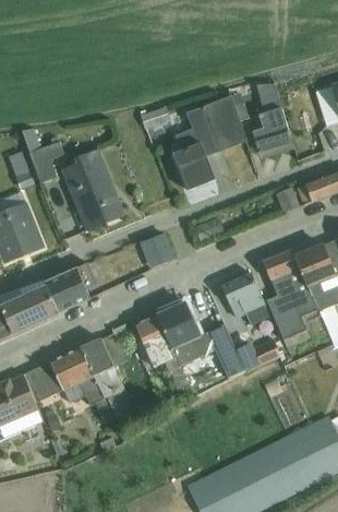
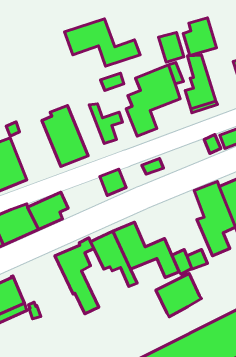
building: none -> [183,18,217,55]
building: none -> [65,19,140,66]
building: none -> [158,33,184,62]
building: [21,130,64,182] -> [89,104,122,144]
building: [222,273,270,324] -> none
building: [24,347,113,421] -> none
building: none -> [156,273,202,317]

